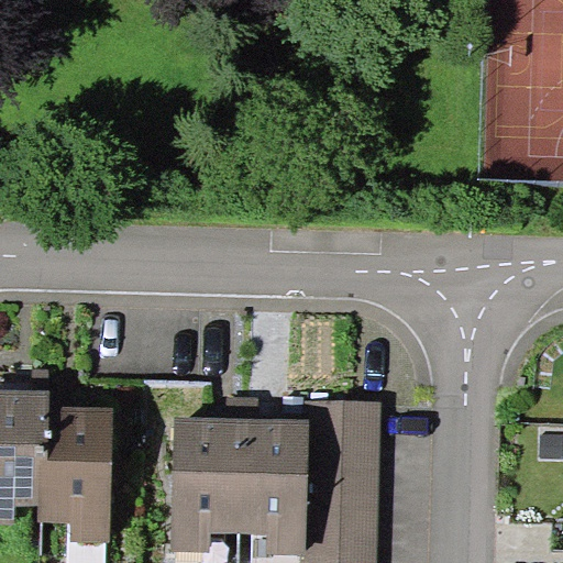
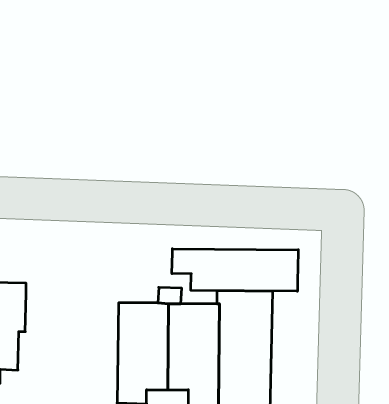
building: none -> [172,249,298,291]
building: [35,407,111,543] -> none

